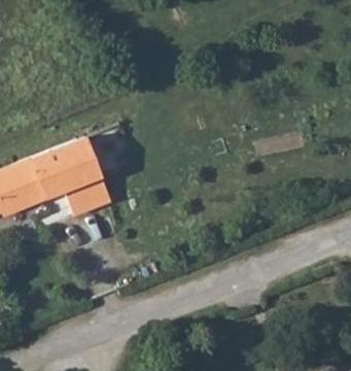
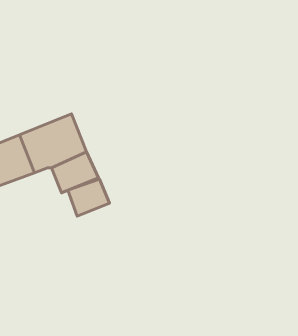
building: none -> [68,179,109,216]

